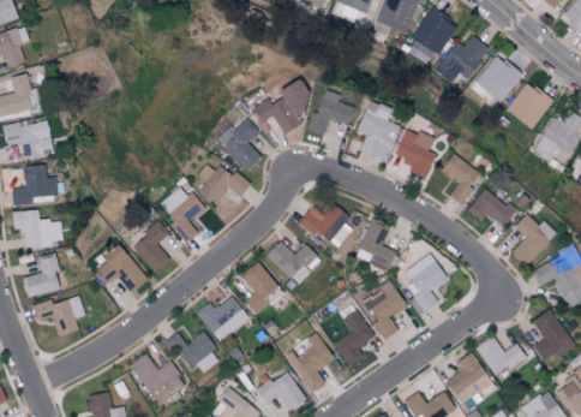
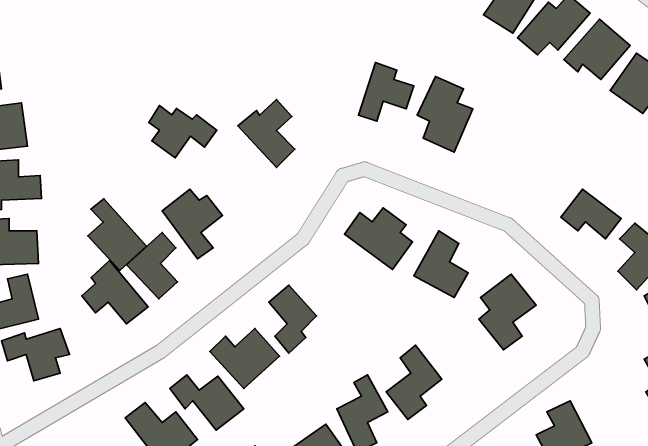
building: [253,78,312,133] -> none
building: [395,127,436,179] -> none
building: [441,154,479,205] -> none
building: [198,163,251,204] -> [149,105,217,158]
building: none -> [88,199,147,270]
building: [266,242,322,286] -> none
building: [363,281,407,339] -> none
building: [477,335,526,376] -> none

